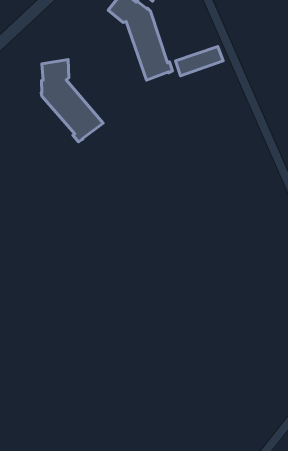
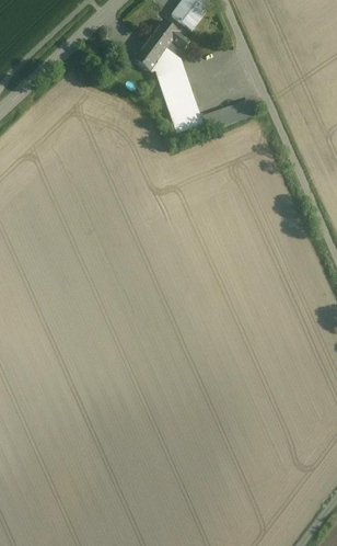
building: [41,59,103,142] -> none

